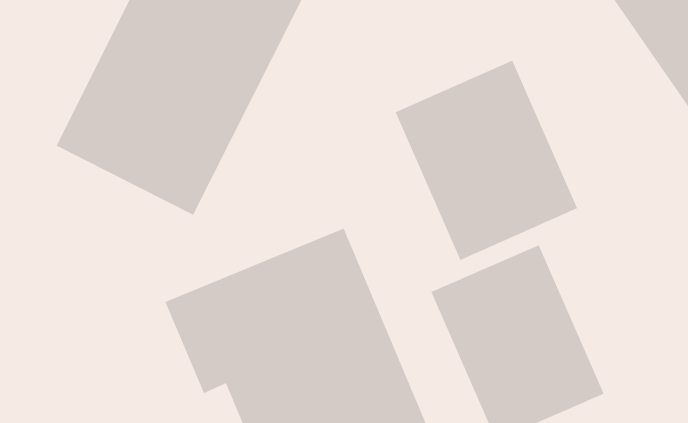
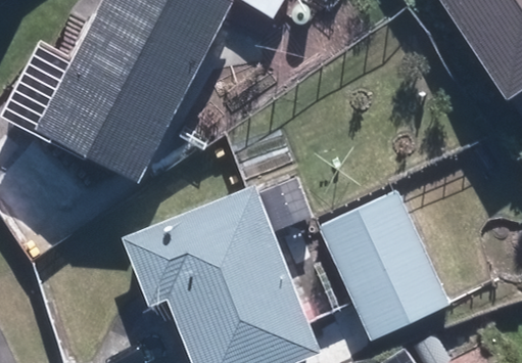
building: [395,60,578,261] -> none

